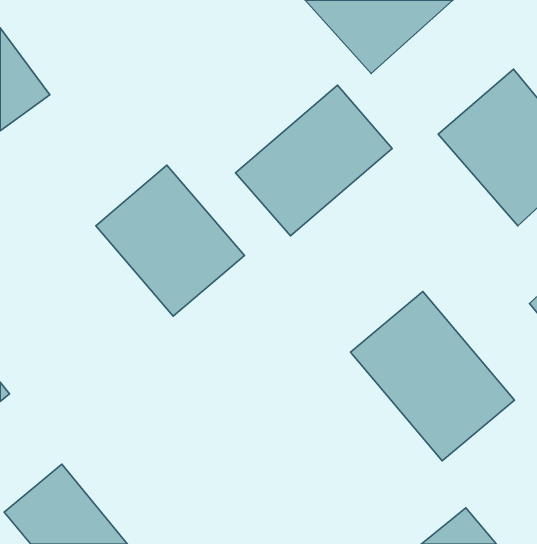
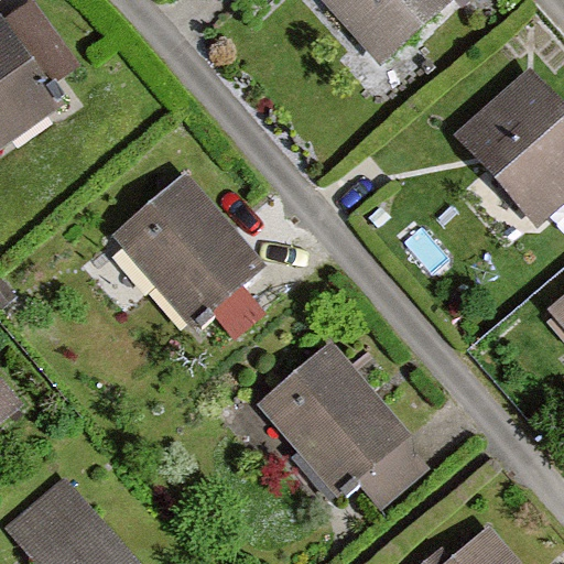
building: [236,85,392,236] -> none
building: [351,292,514,461] -> [254,339,424,514]

